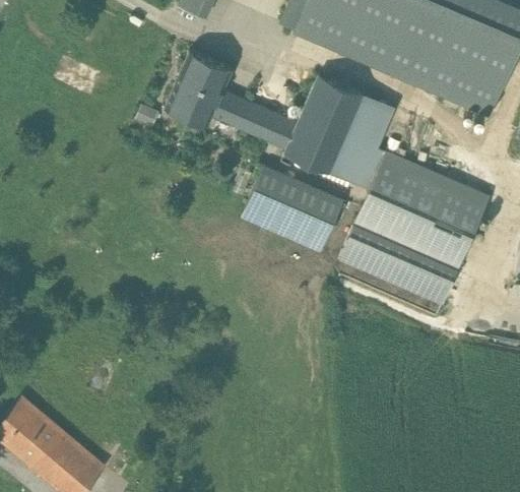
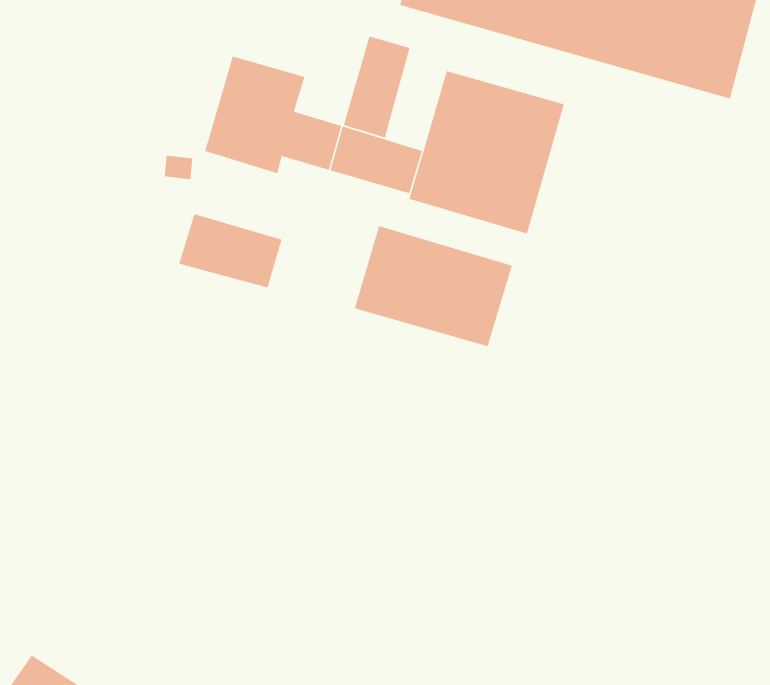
building: none -> [343,36,410,139]
building: none -> [178,213,282,289]
building: [340,151,491,302] -> none

